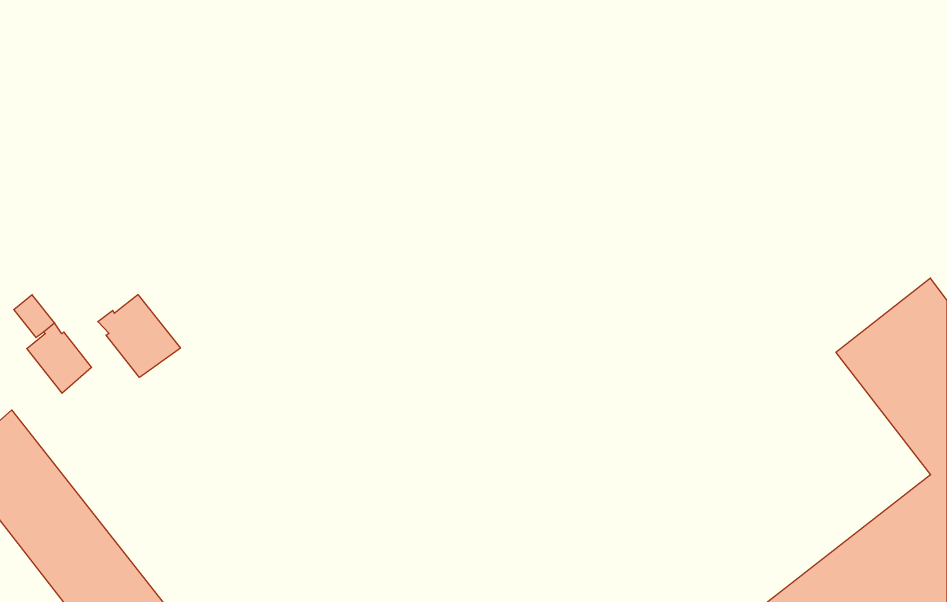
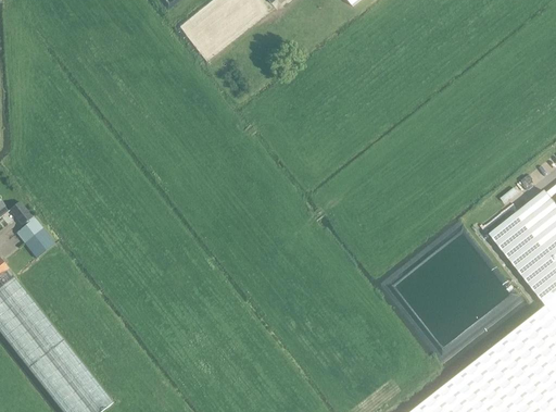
building: [98,295,180,377] -> none

